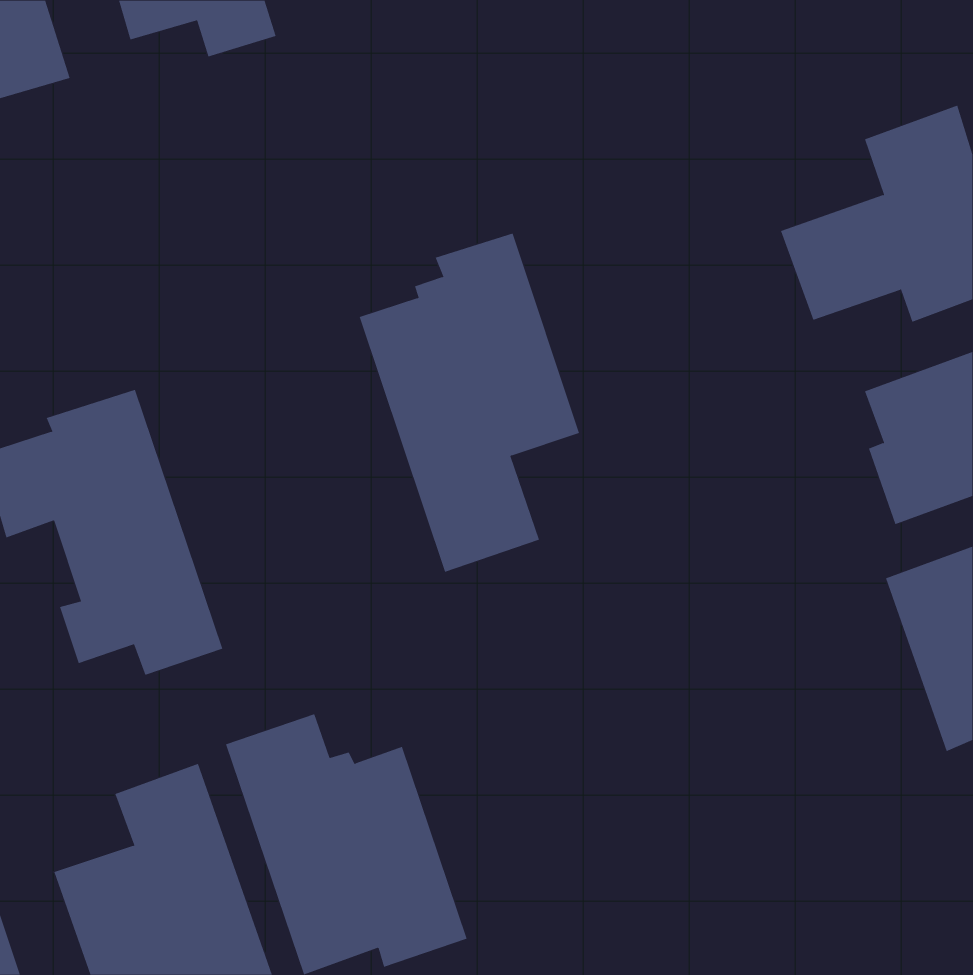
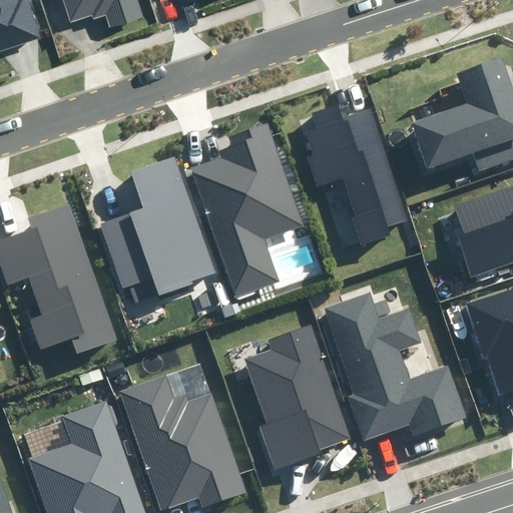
building: none -> [308,104,407,247]
building: none -> [99,158,215,293]
building: none -> [324,293,466,442]
building: none -> [243,327,347,470]

